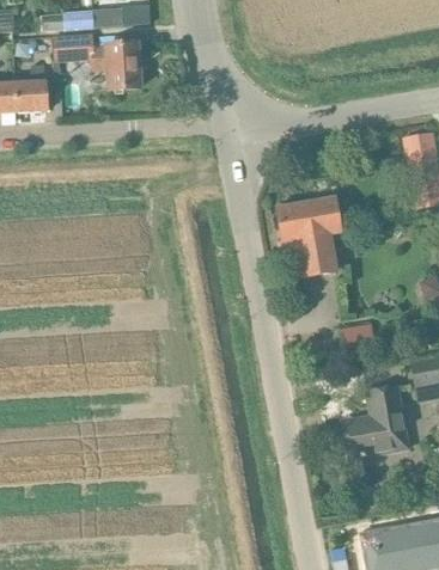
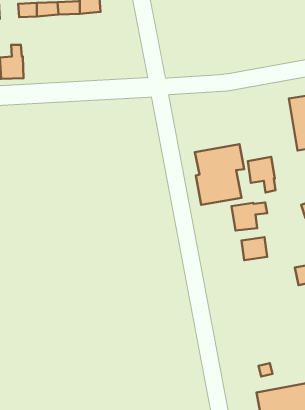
building: [56,35,139,91] -> none
building: none -> [248,157,276,193]
building: none -> [232,202,267,231]
building: [342,387,406,456] -> none

